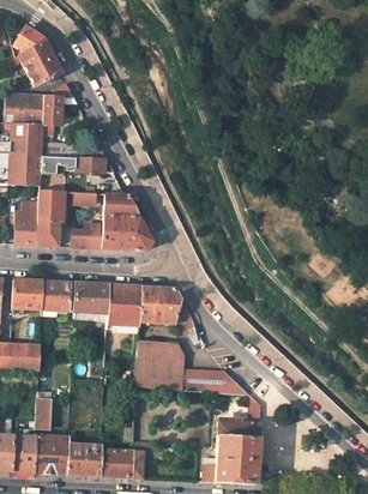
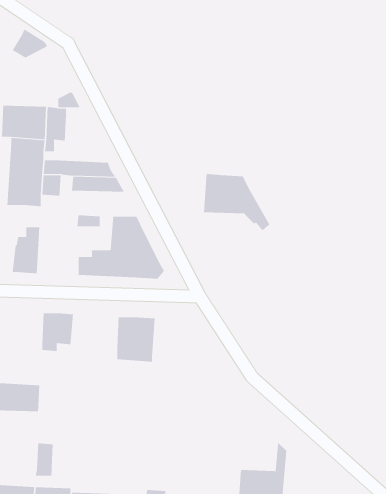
building: [20,42,61,86] -> none
building: [36,192,60,246] -> none
building: [11,279,41,309] -> none
building: [72,282,108,318] -> none
building: [139,285,199,337] -> [203,174,270,231]
building: [135,341,247,393] -> none

